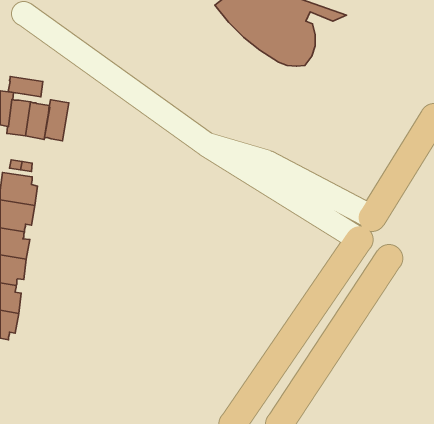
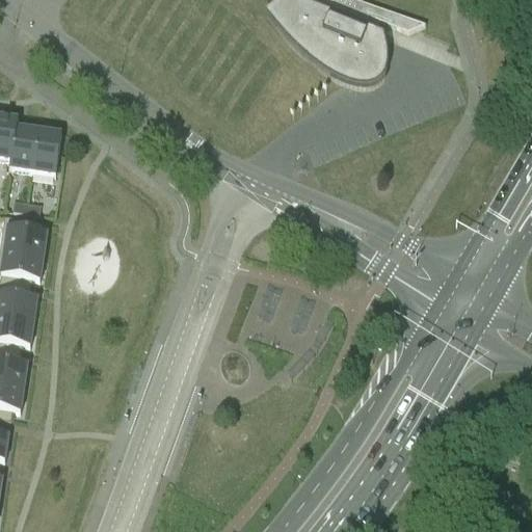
building: [8,76,43,97] -> none
building: [44,100,69,141] -> none

